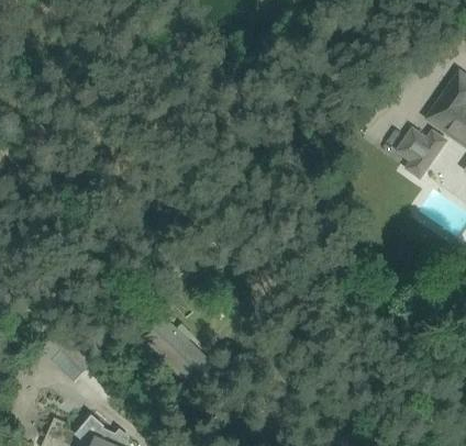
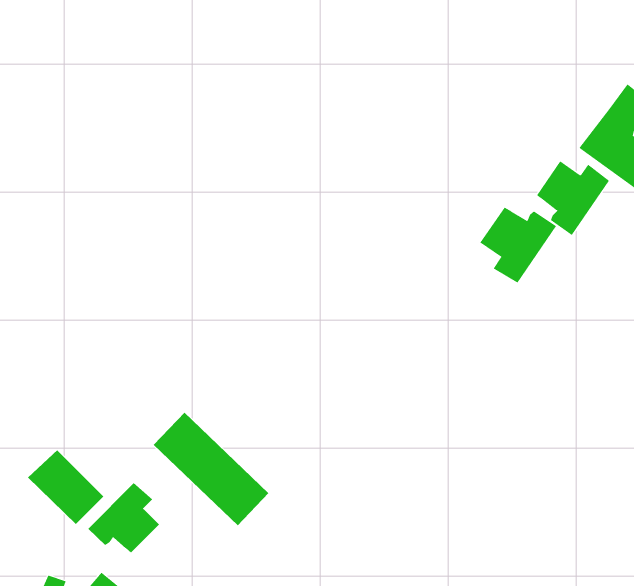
building: none -> [480,207,557,284]
building: none -> [87,482,160,554]

